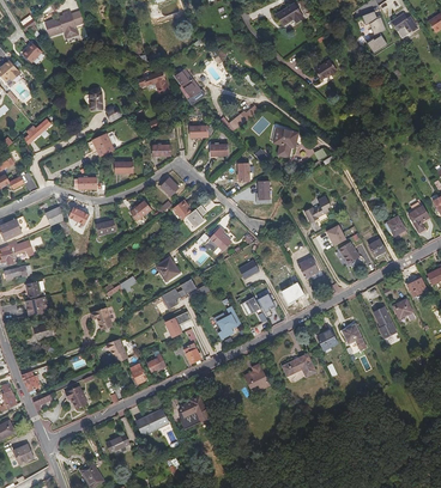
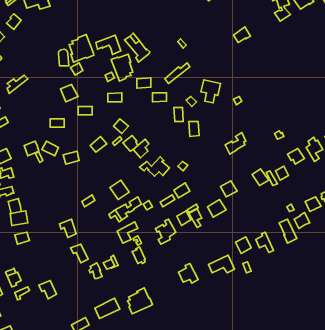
building: none -> [69,35,94,62]
building: none -> [111,54,133,81]

